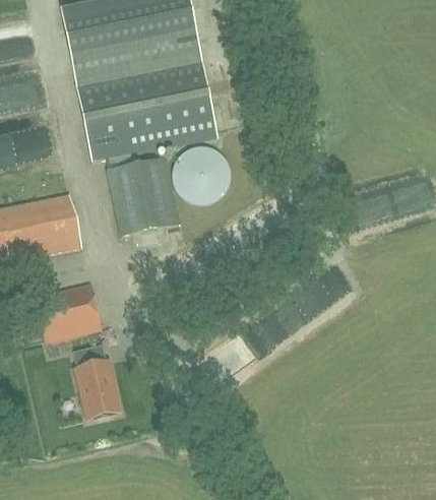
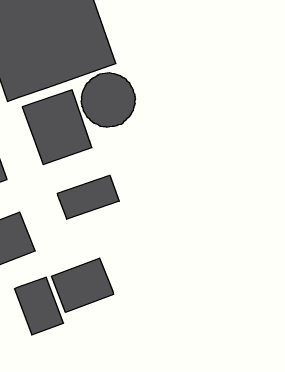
building: none -> [58,175,119,219]
building: none -> [52,258,114,312]

